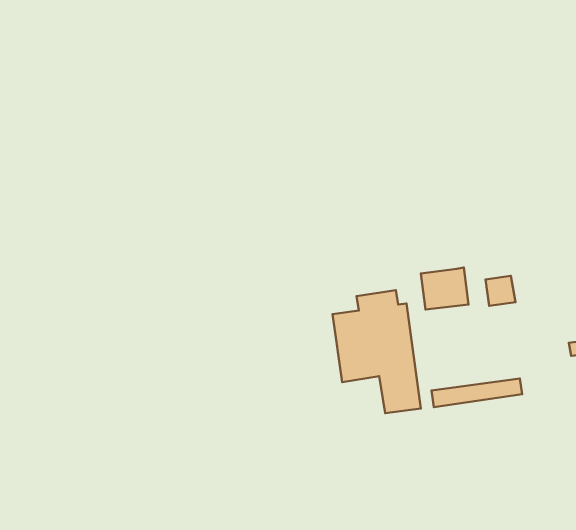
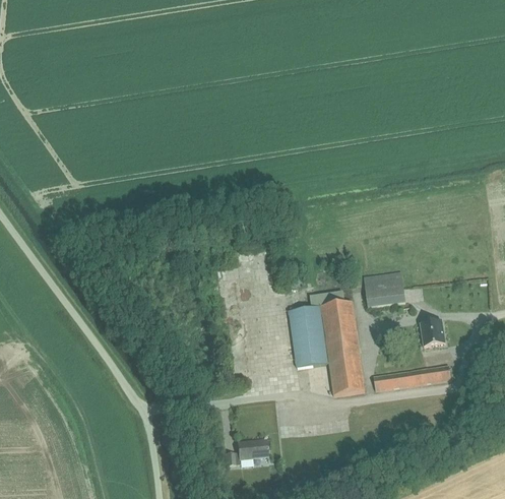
building: [486,276,515,306] -> [420,321,445,347]
building: none -> [225,440,267,465]

